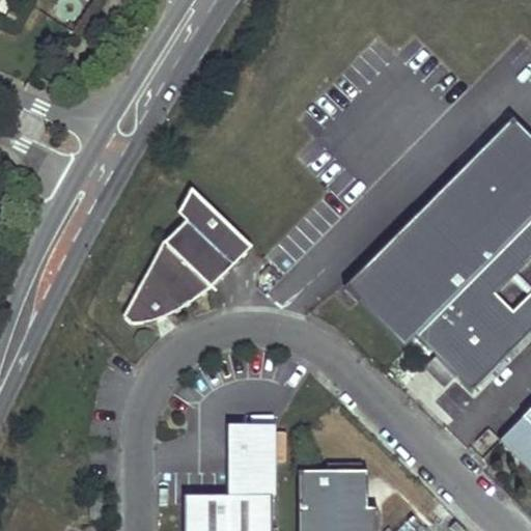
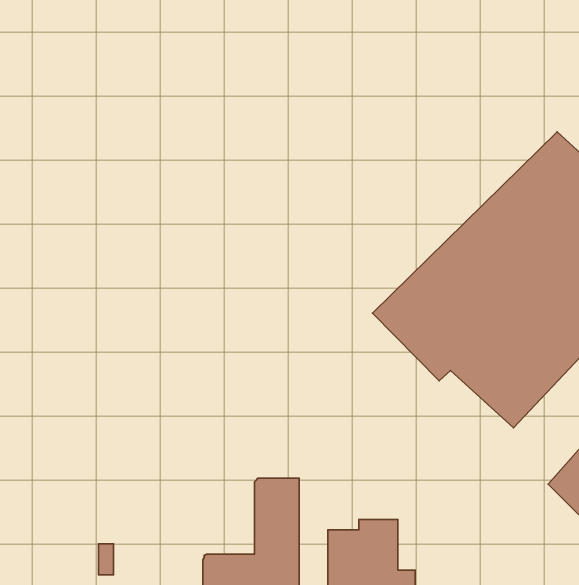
building: [125,188,251,328] -> none

